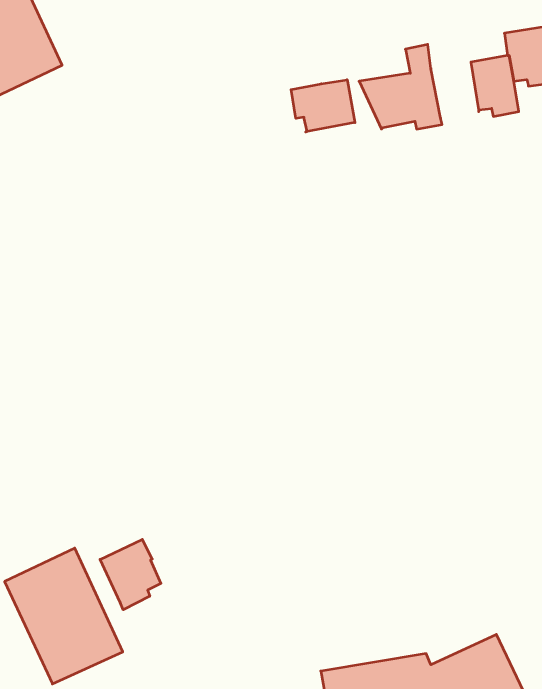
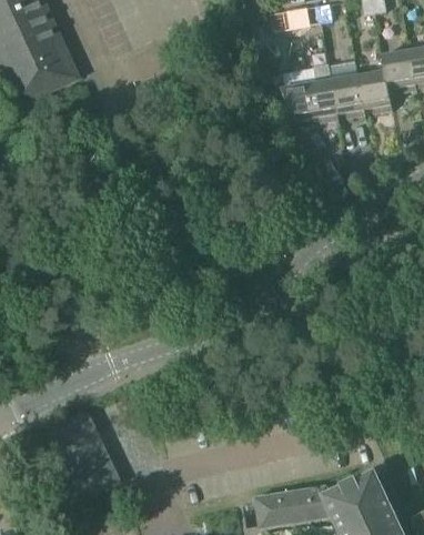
building: none -> [332,73,366,115]
building: [291,80,355,132] -> none
building: [100,539,161,610] -> none

